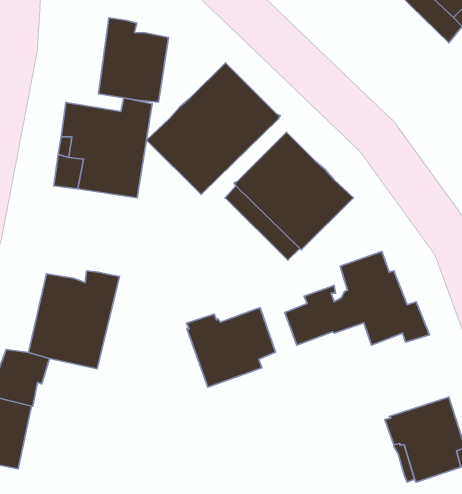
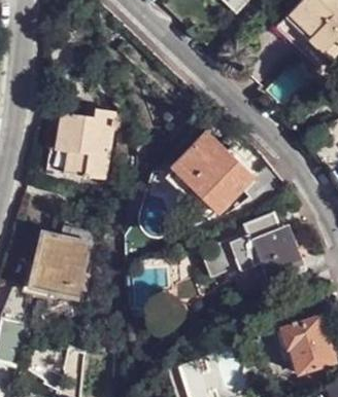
building: [99,18,168,102] -> none
building: [146,63,280,195] -> none
building: [187,308,276,387] -> none

